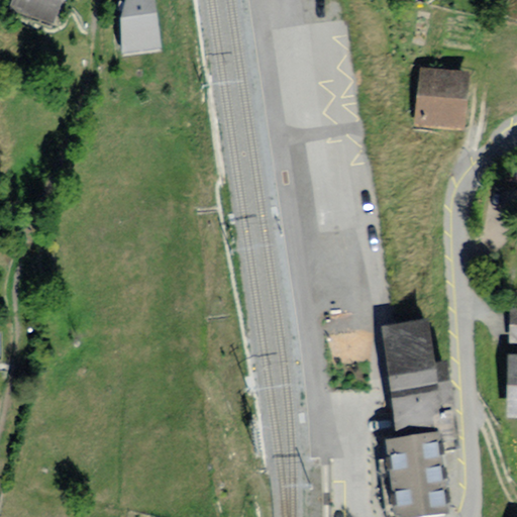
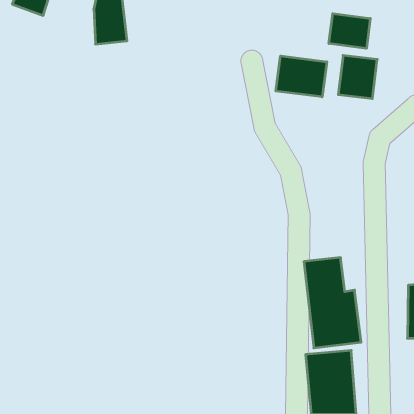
building: none -> [329,14,370,48]
building: none -> [276,56,327,97]

